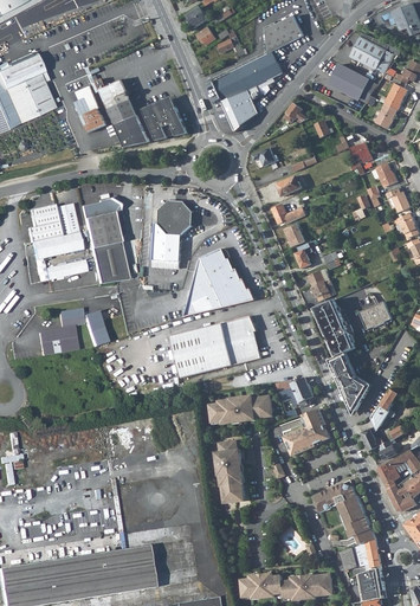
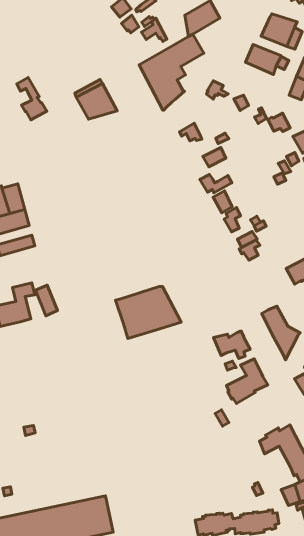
building: [95,78,149,146] -> none
building: [82,199,129,283] -> none
building: [153,200,193,269] -> none
building: [183,250,254,316] -> none
building: [315,299,355,356] -> none
building: [222,316,260,363] -> none
building: [211,398,272,424] -> none
building: [218,441,245,503] -> none

